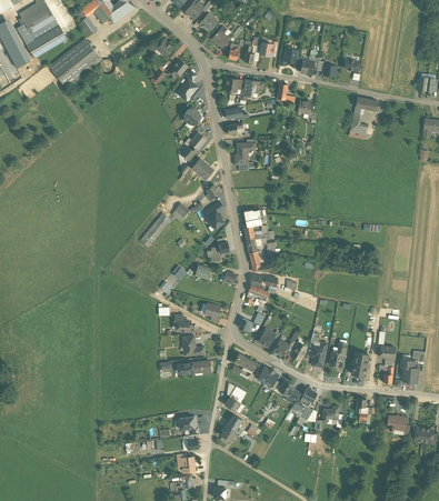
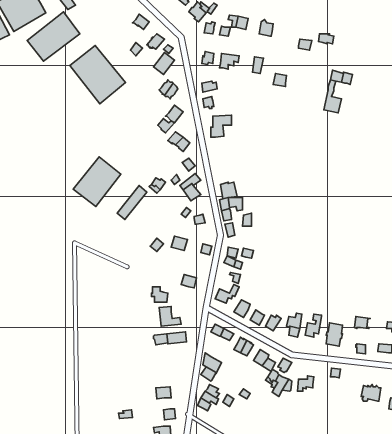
building: none -> [70,46,126,104]
building: none -> [73,157,121,207]

